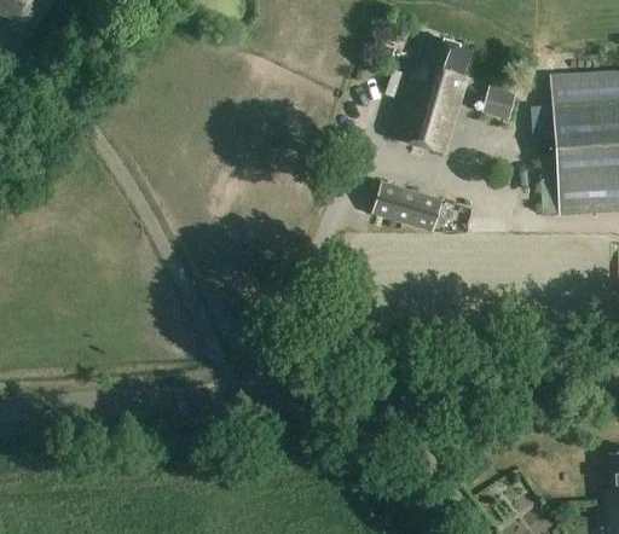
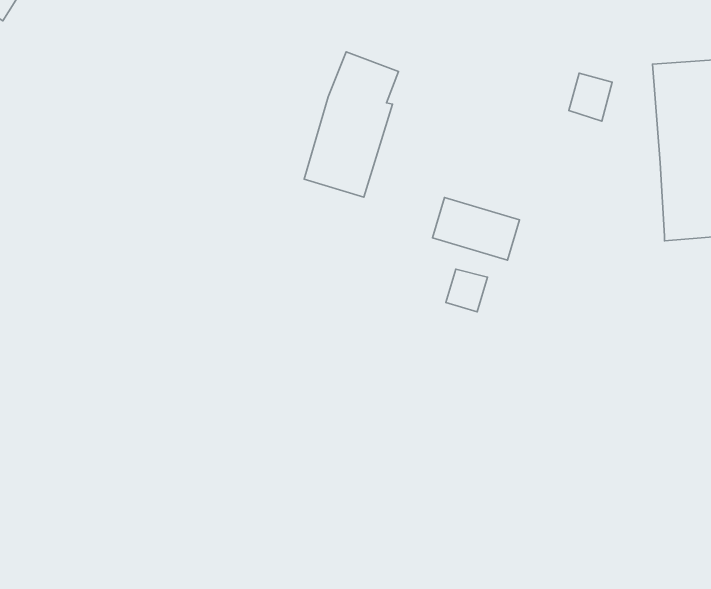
building: [393,36,469,153] -> [304,52,398,197]
building: none -> [446,269,488,312]

